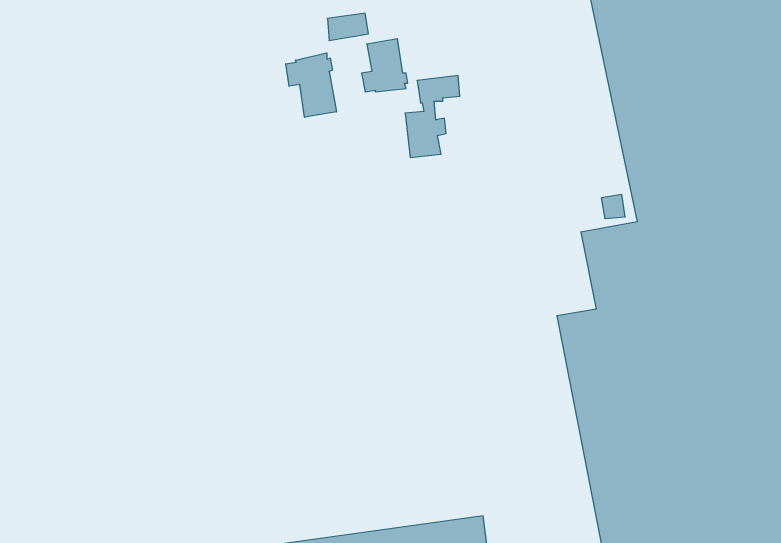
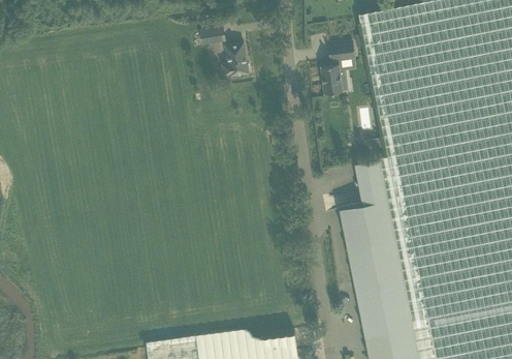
building: [286,53,336,117] -> none
building: [405,76,460,158] -> [321,41,354,91]

